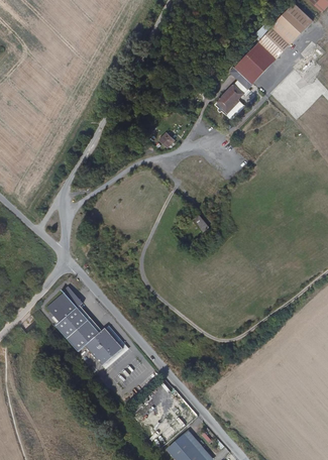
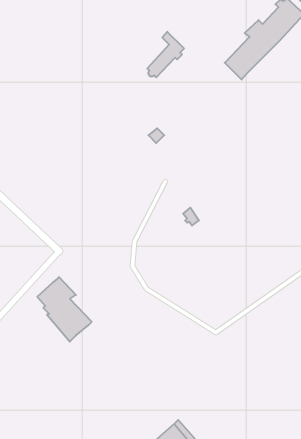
building: [215,67,252,113] -> [147,32,184,77]
building: [84,328,120,363] -> none

